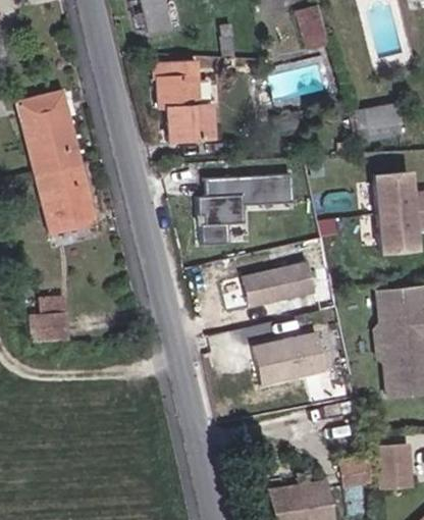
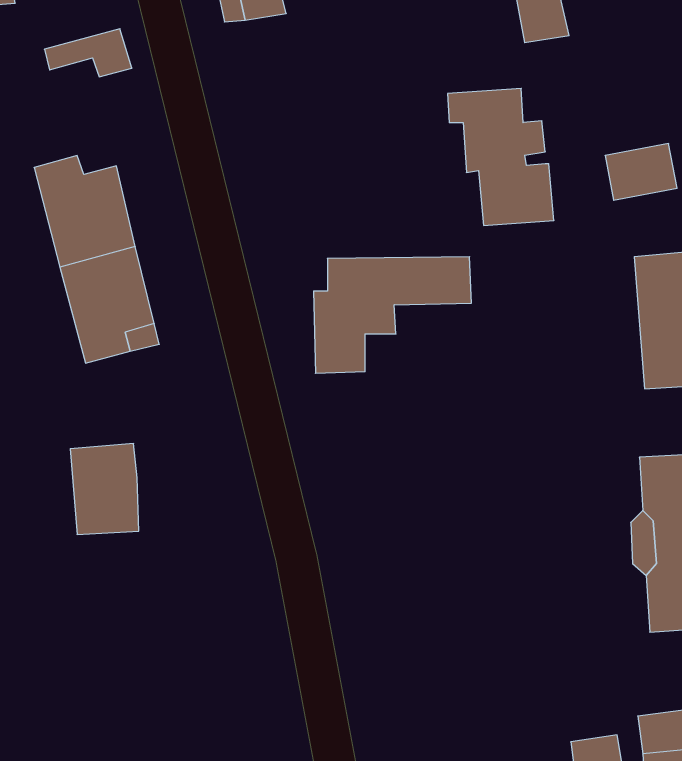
building: [147,62,210,144] -> [448,88,554,225]
building: [18,96,70,124] -> [44,29,132,77]
building: [232,258,306,305] -> none
building: [249,335,322,389] -> none

